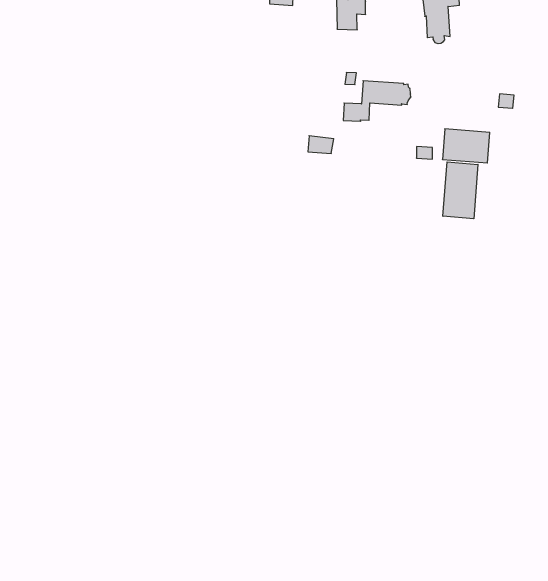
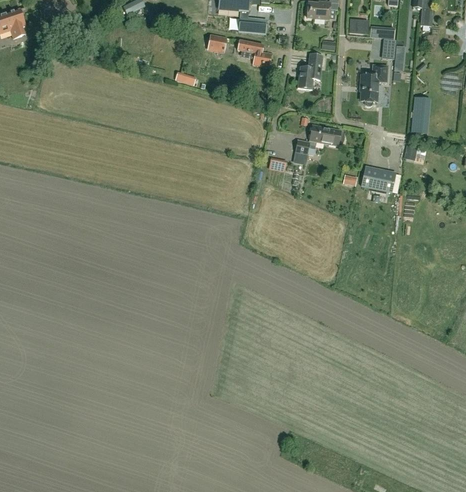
building: none -> [409,96,429,132]
building: [443,162,478,219] -> none

